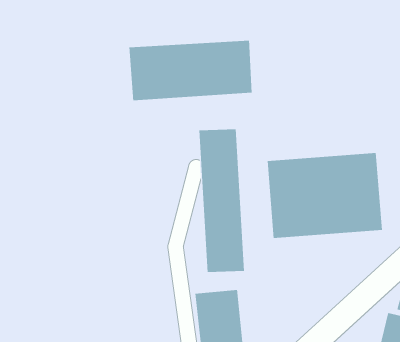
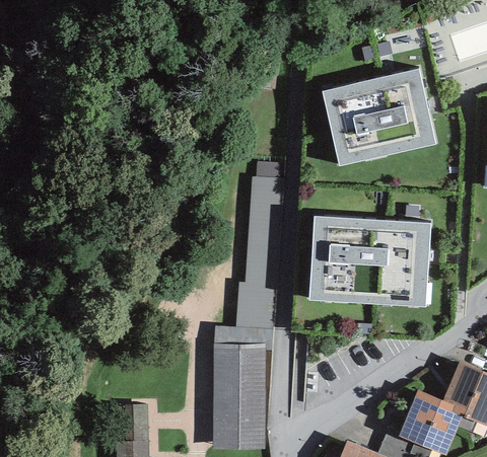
building: none -> [322,69,435,164]
building: [129,40,252,101] -> none

